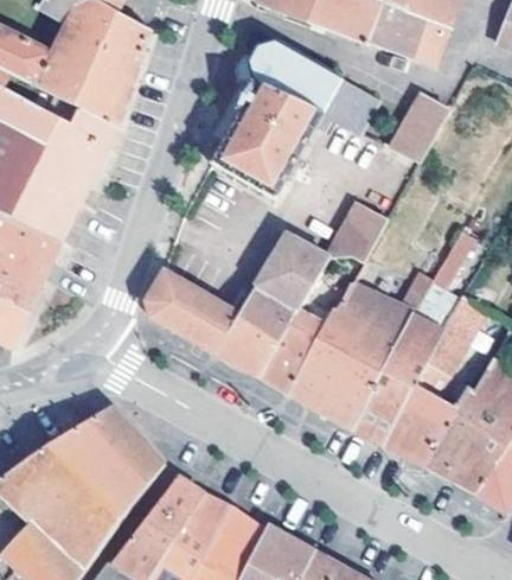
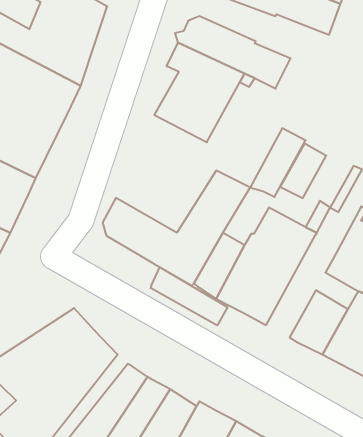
building: [392,90,450,159] -> [280,144,326,198]
building: [351,316,442,444] -> none
building: none -> [151,267,227,325]

